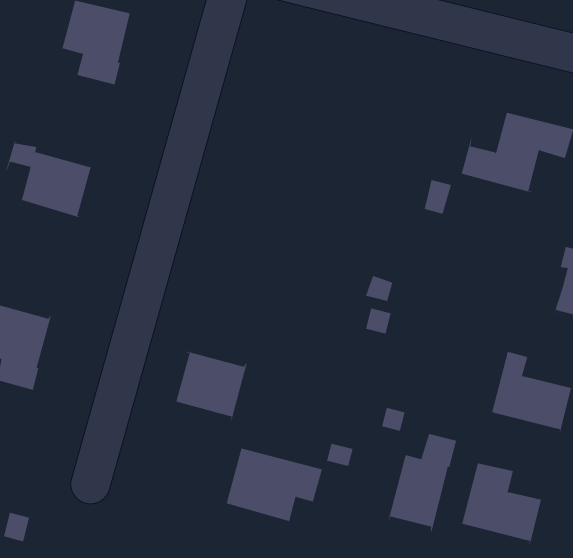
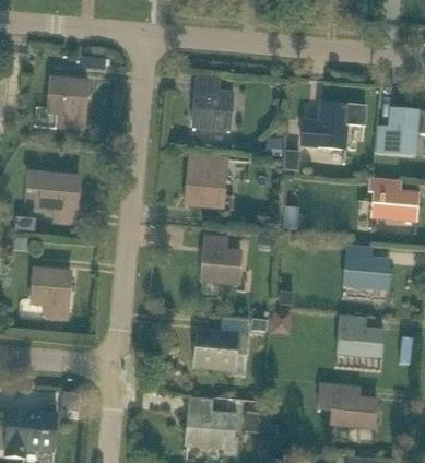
building: none -> [193,91,233,131]
building: none -> [187,155,234,210]
building: [175,351,247,421] -> [202,248,241,285]
building: [388,433,457,532] -> none

